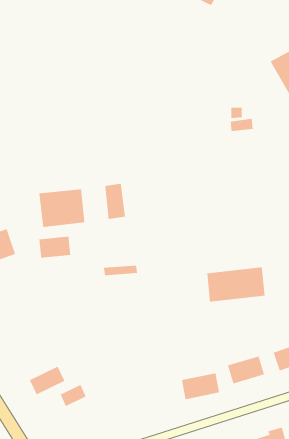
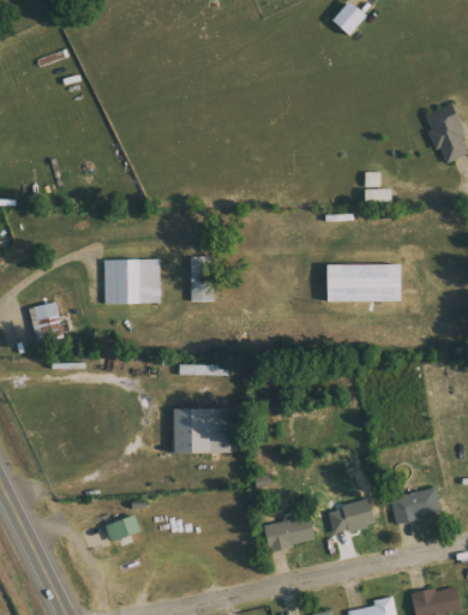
building: [39,236,71,259] -> none
building: [206,267,265,302] -> [329,262,403,301]
building: none -> [174,407,230,452]
building: [29,366,65,395] -> none

